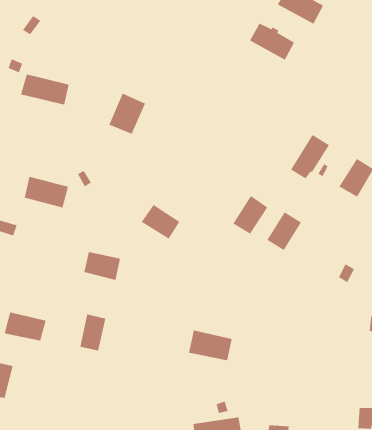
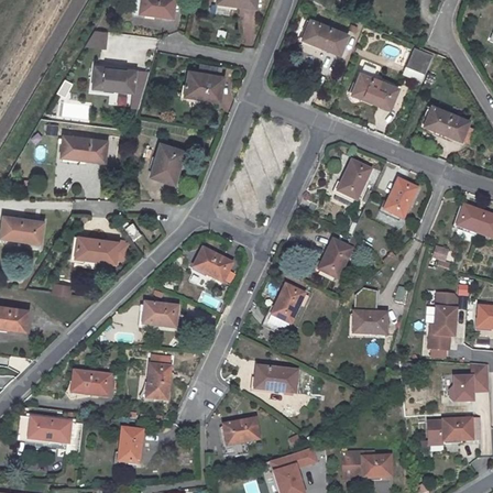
building: none -> [92,66,149,109]
building: none -> [185,63,223,101]
building: [249,23,295,60] -> [352,74,397,108]
building: [233,195,268,235] -> [271,285,304,324]
building: none -> [352,314,385,337]
building: none -> [118,428,142,463]
building: none -> [222,420,258,446]

